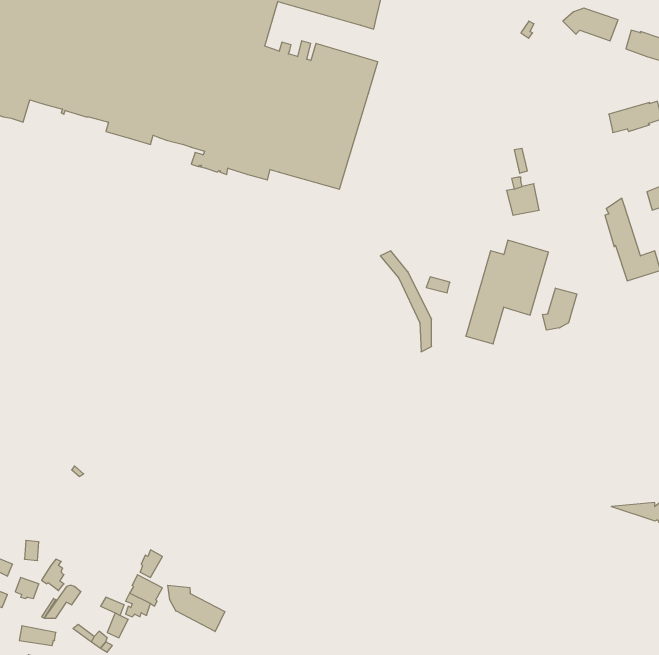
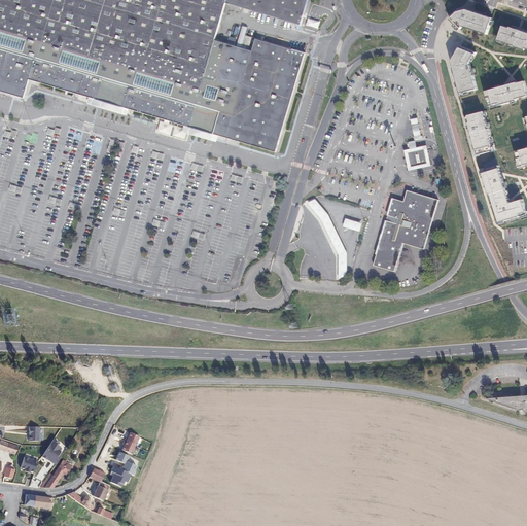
building: none -> [452,45,477,93]
building: none -> [468,110,492,154]
building: [543,288,577,330] -> none
building: [168,585,225,632] -> none

